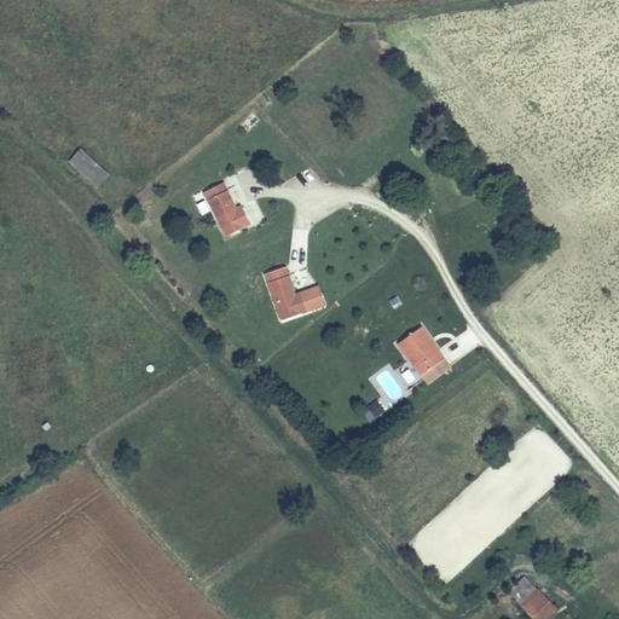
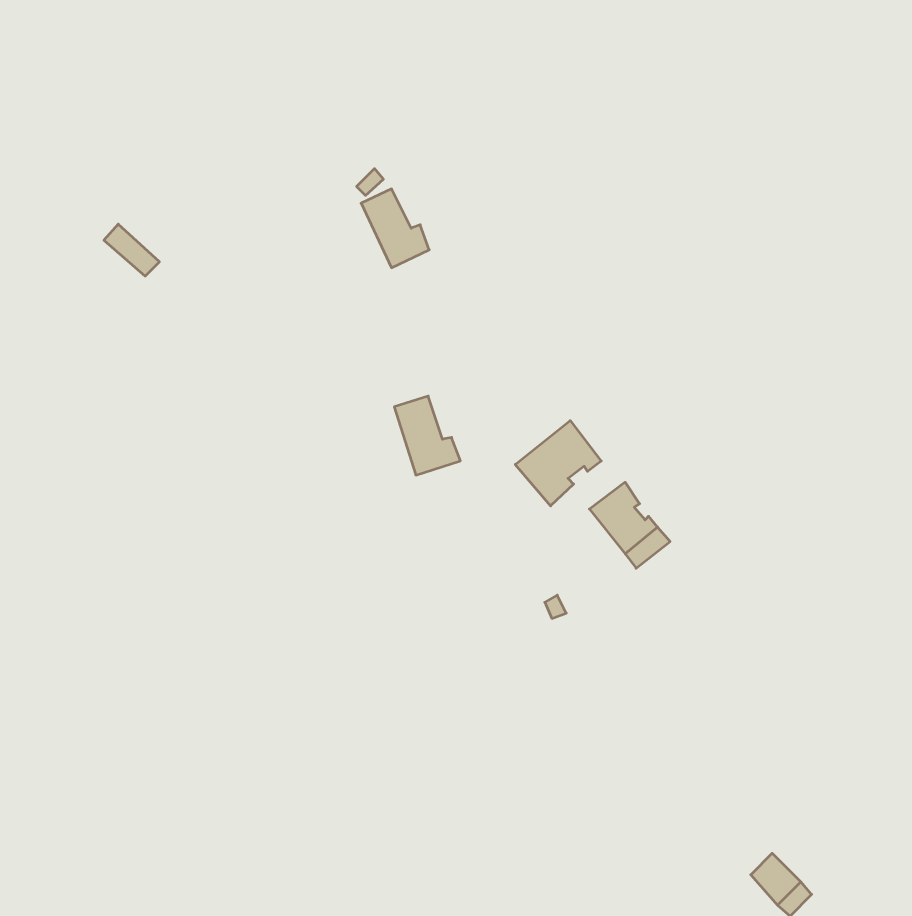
building: [204,183,250,236] -> [361,189,429,268]
building: none -> [515,421,601,506]

